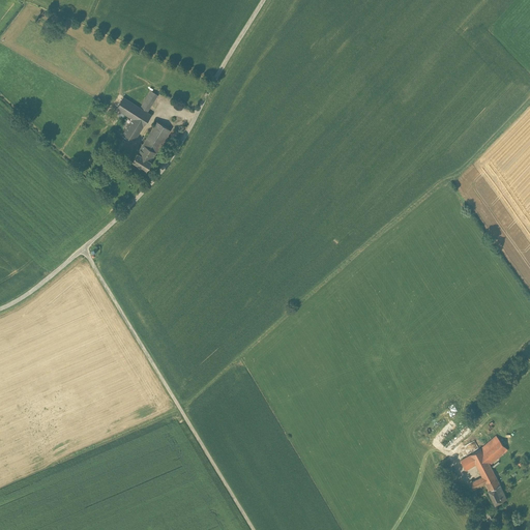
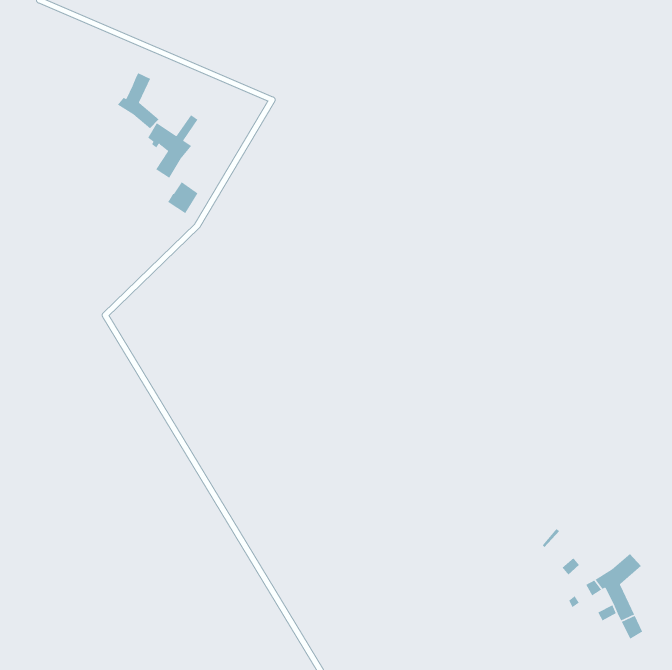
building: none -> [117,72,160,129]
building: [143,122,170,153] -> none

